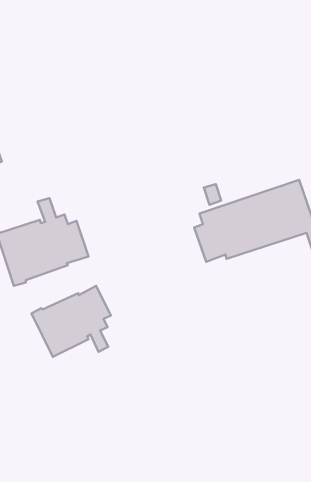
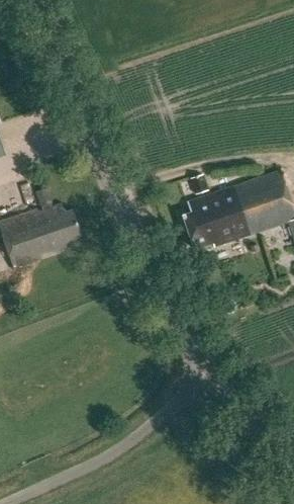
building: [32,286,111,357] -> none

